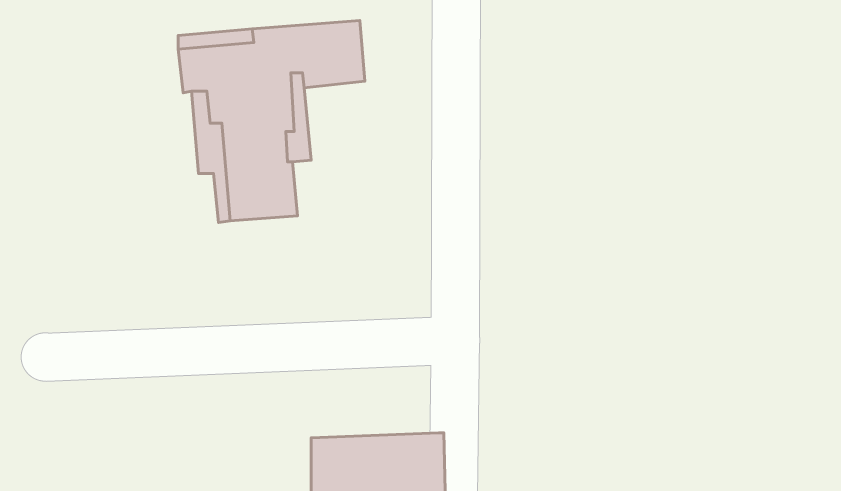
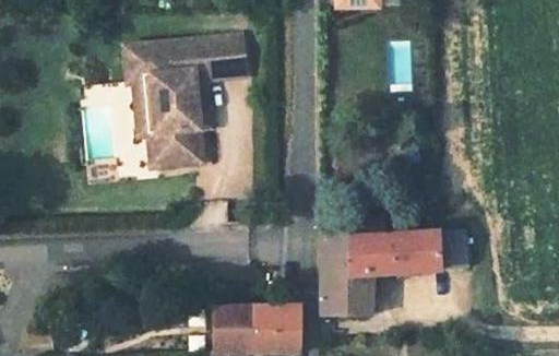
building: none -> [320,229,467,313]

